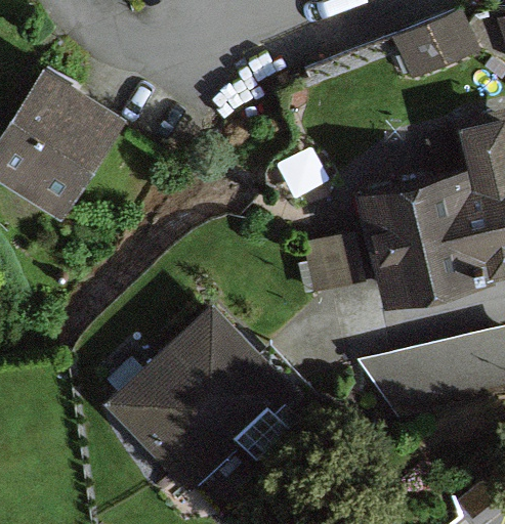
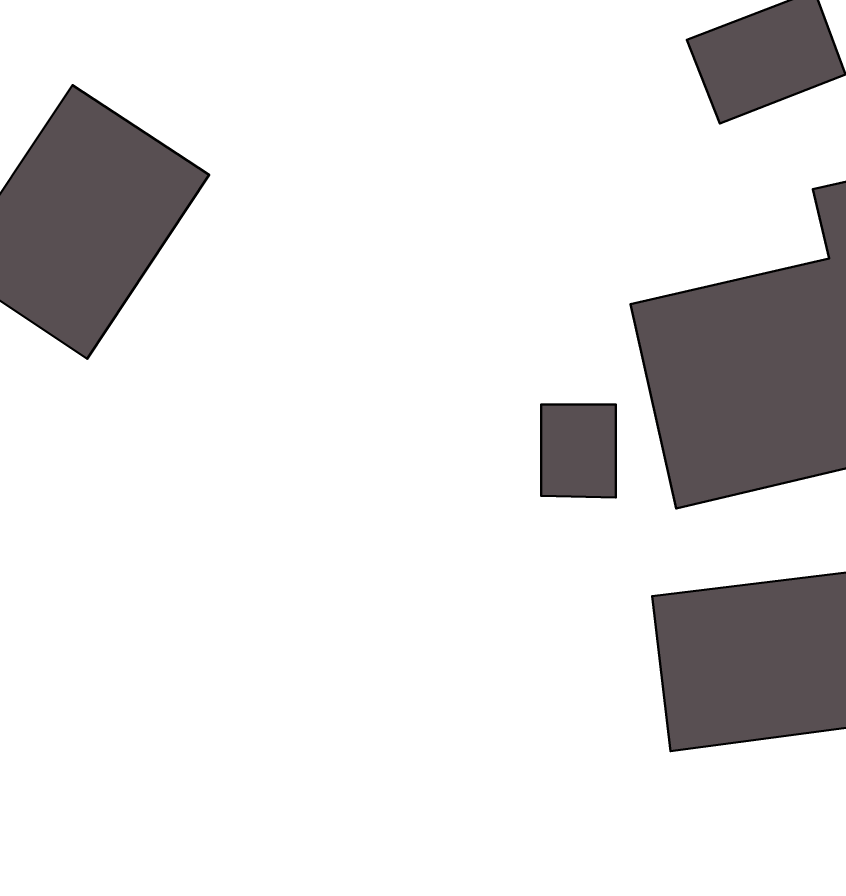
building: [117,305,290,477] -> none

